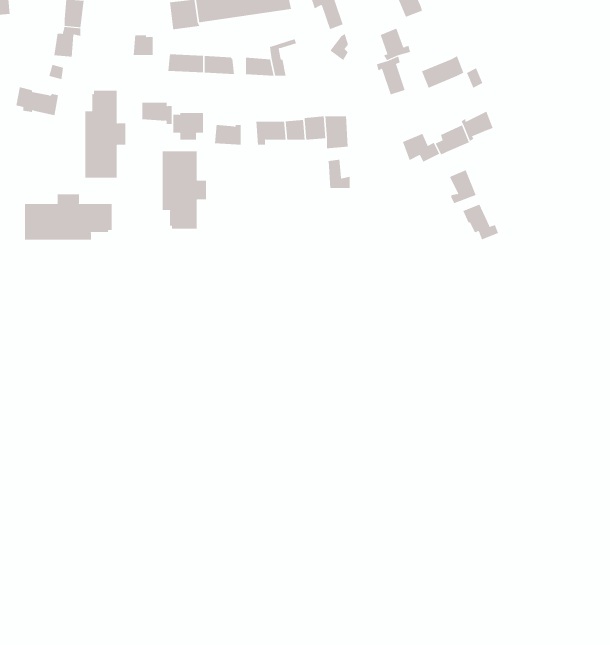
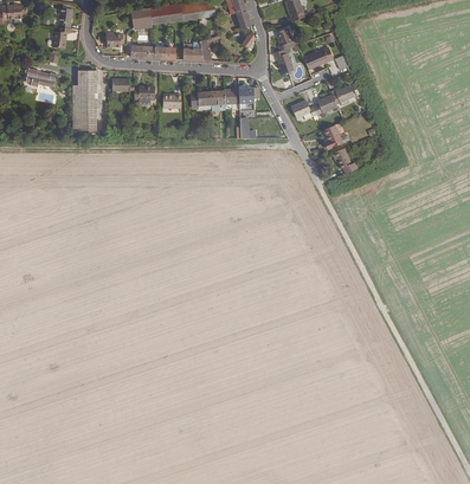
building: [162,151,206,229] -> none
building: [25,193,112,241] -> none

